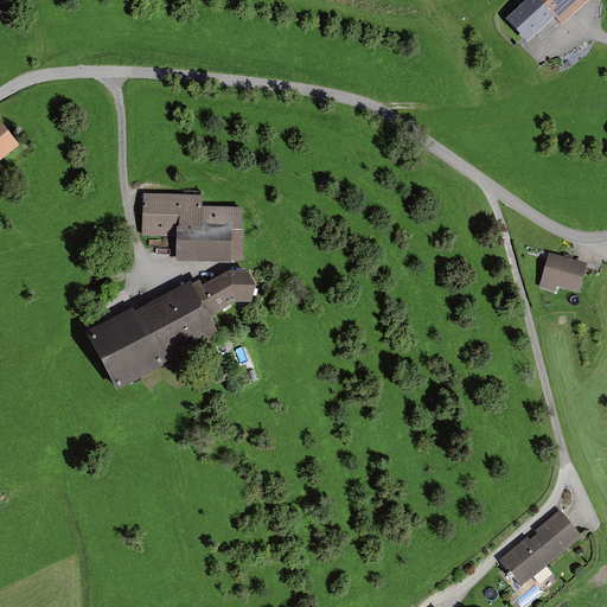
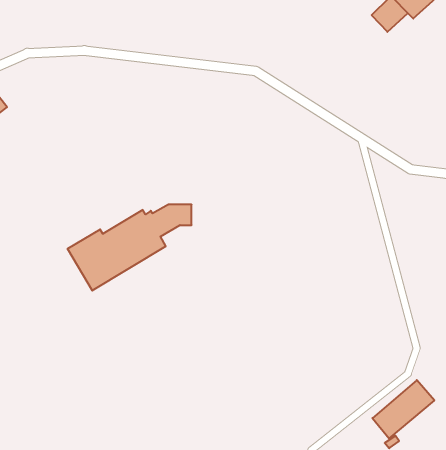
building: [140,190,243,256] -> none
building: [530,253,579,292] -> none

